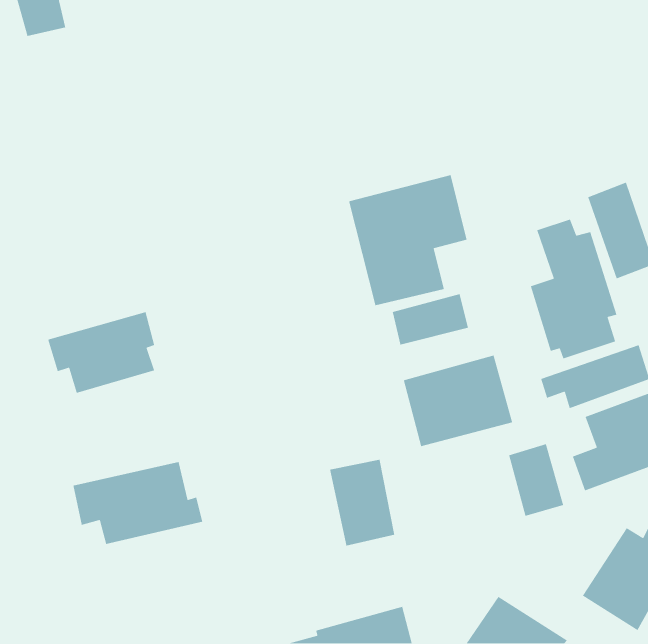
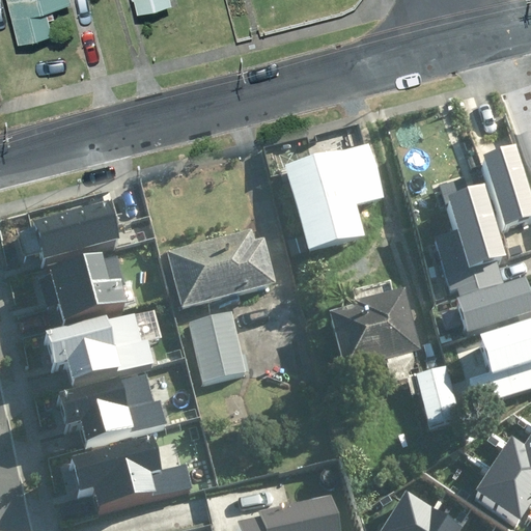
building: none -> [20,204,119,263]
building: none -> [168,228,276,306]
building: [392,293,469,345] -> none
building: none -> [45,313,156,383]
building: [329,459,395,546] -> [191,308,245,380]
building: none -> [72,442,191,511]

